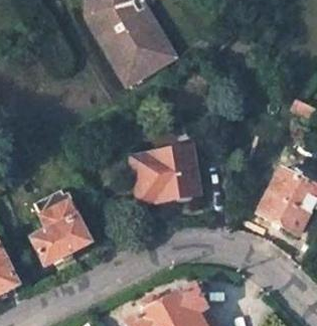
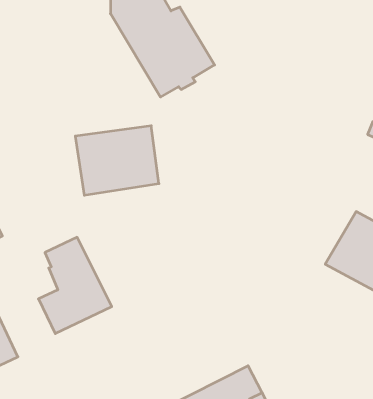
building: [132,148,197,202] -> [75,126,159,195]

